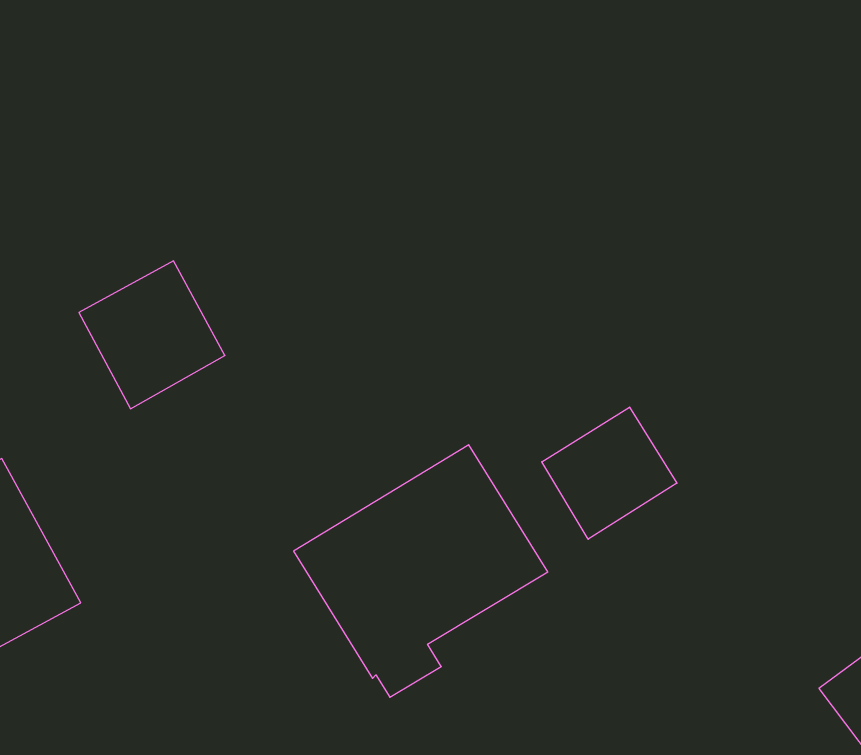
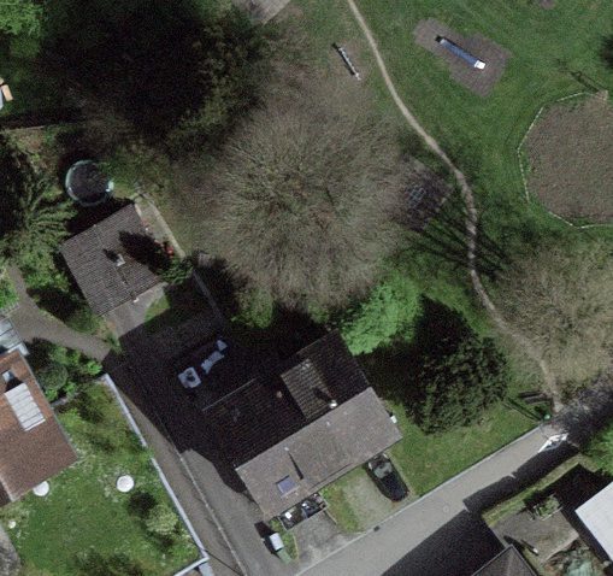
building: [542,407,677,539] -> none

